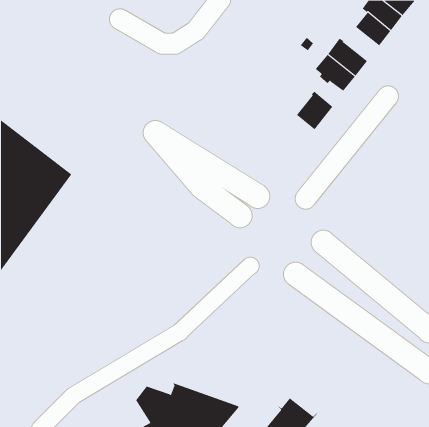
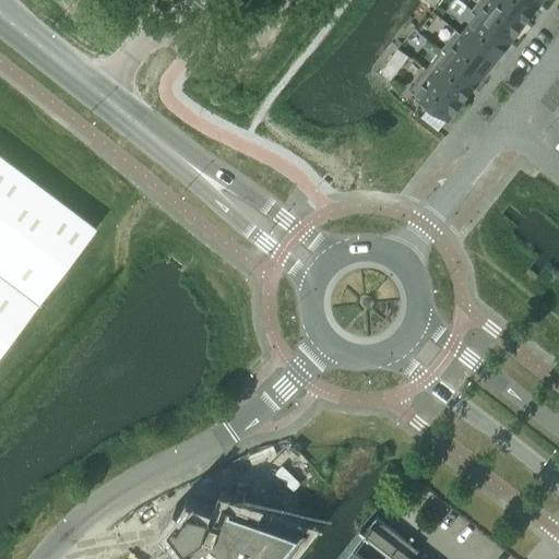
building: none -> [441,33,493,82]
building: [296,91,333,130] -> none

